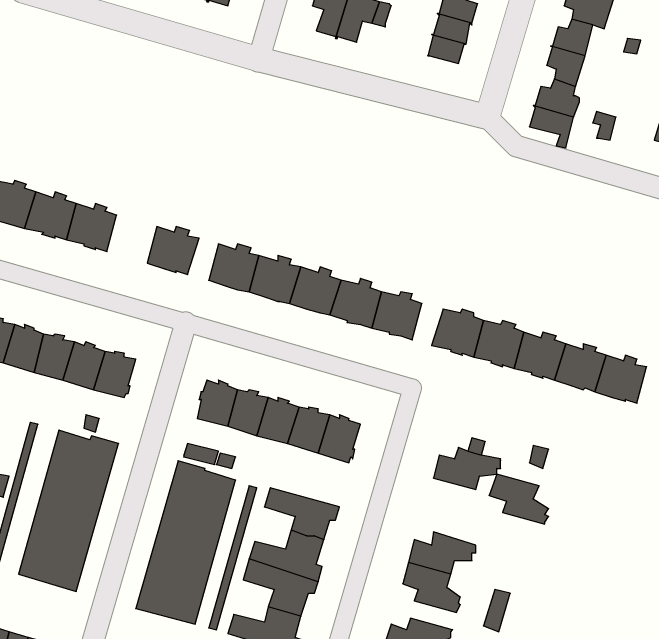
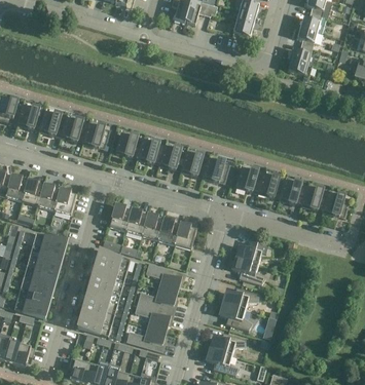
building: none -> [61,117,87,143]
building: [489,474,549,524] -> [231,258,263,284]

